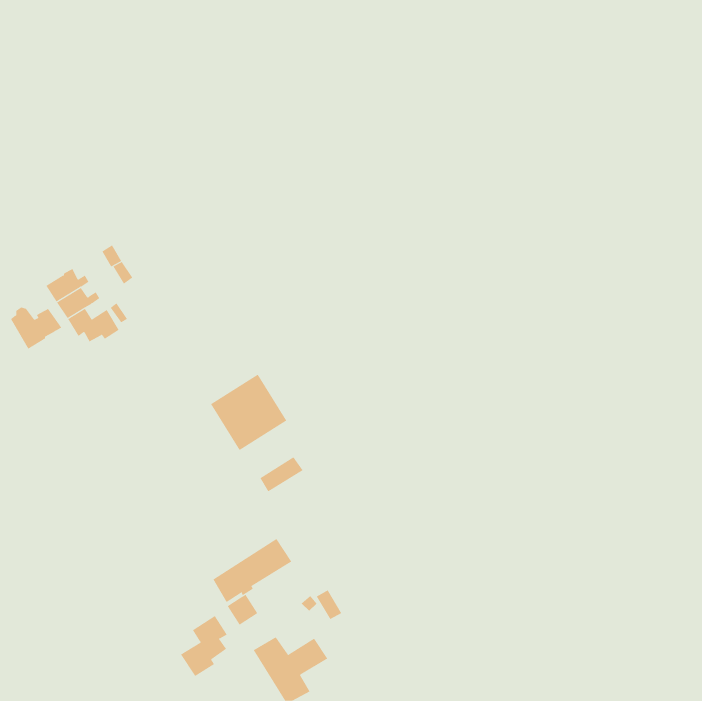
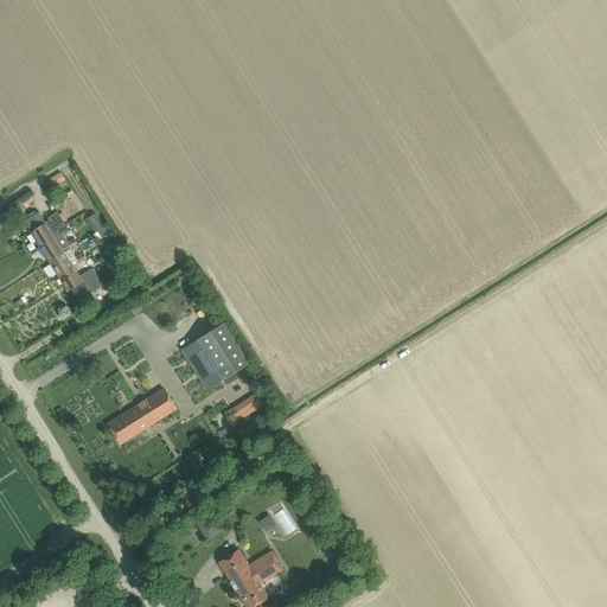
building: [10,307,62,349] -> [24,210,69,247]
building: [212,538,292,603] -> [108,388,177,443]
building: [180,615,228,677] -> none

